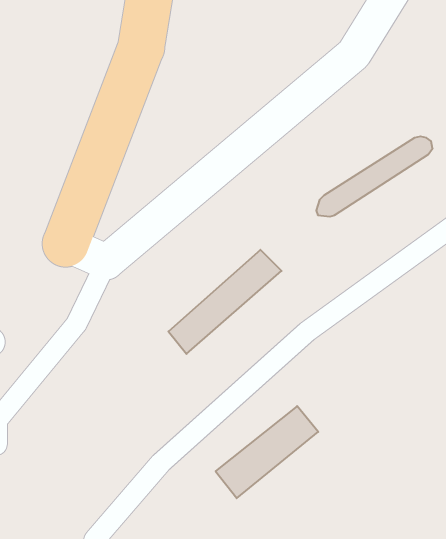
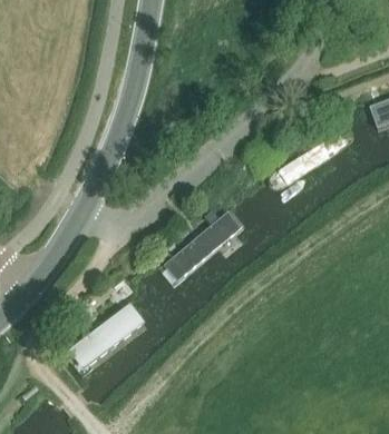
building: [216,406,318,498] -> [68,305,144,373]

